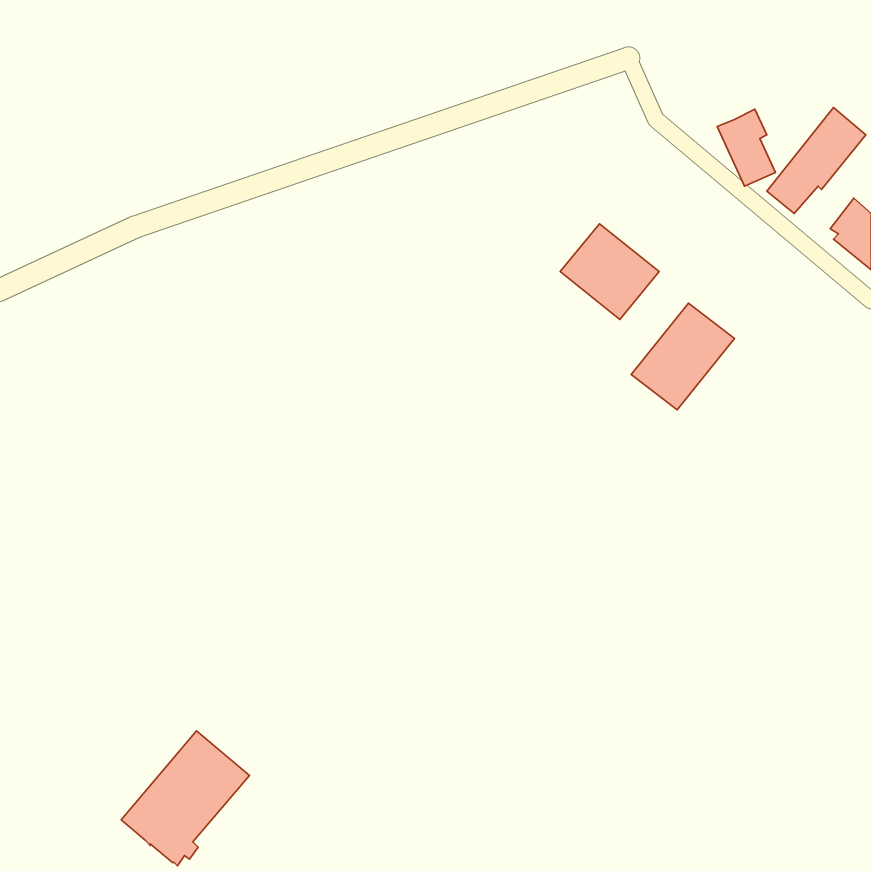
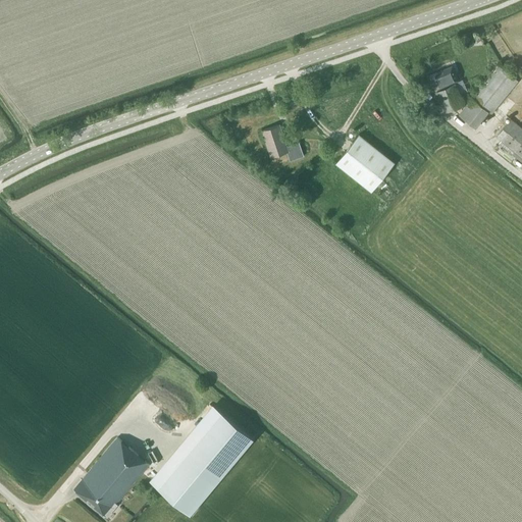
building: none -> [261,125,303,161]
building: [631,303,734,410] -> none
building: none -> [156,411,253,514]

